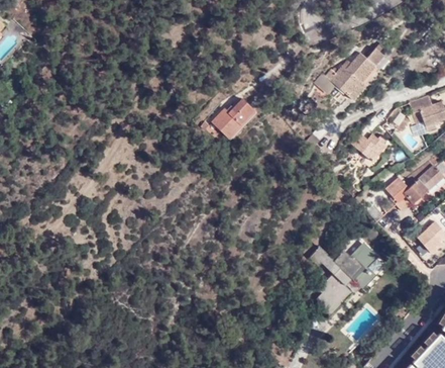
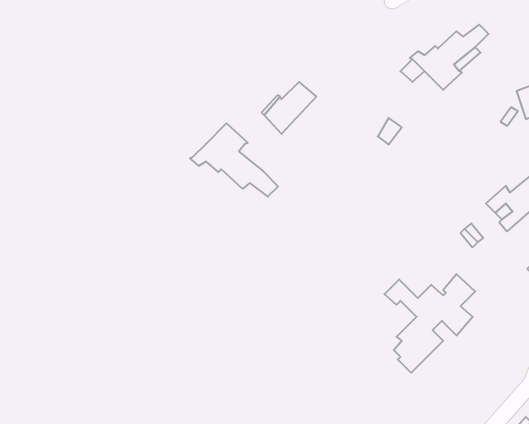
building: none -> [190,123,278,197]
building: [352,133,386,160] -> none

